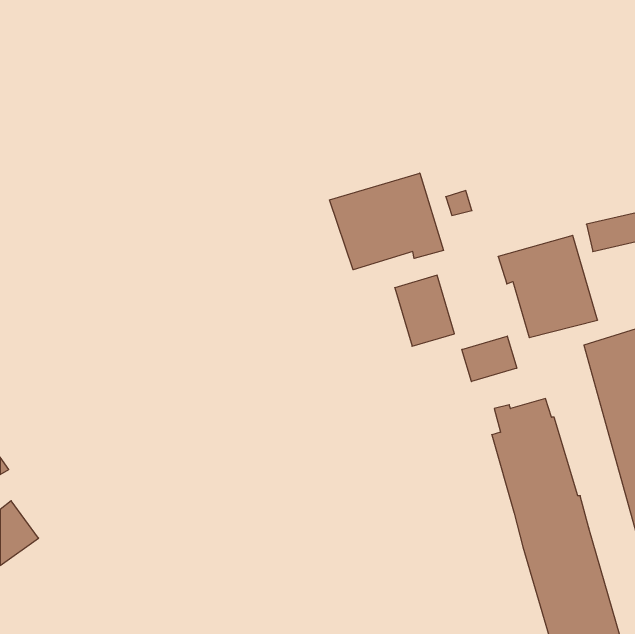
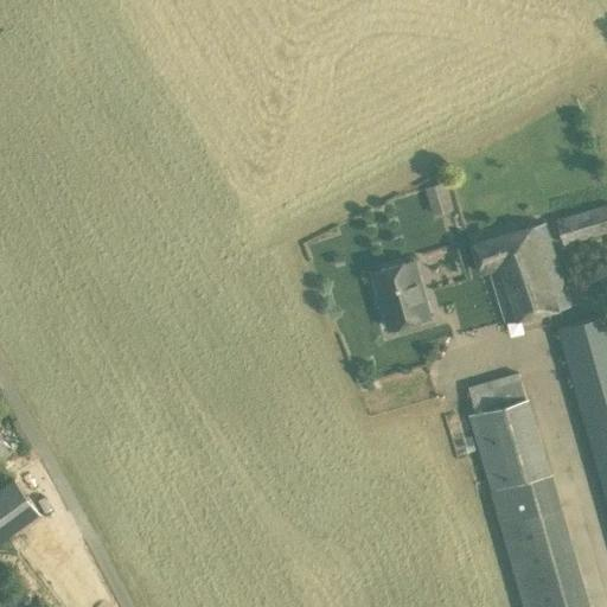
building: [329,173,444,270] -> none
building: [462,336,517,382] -> none

